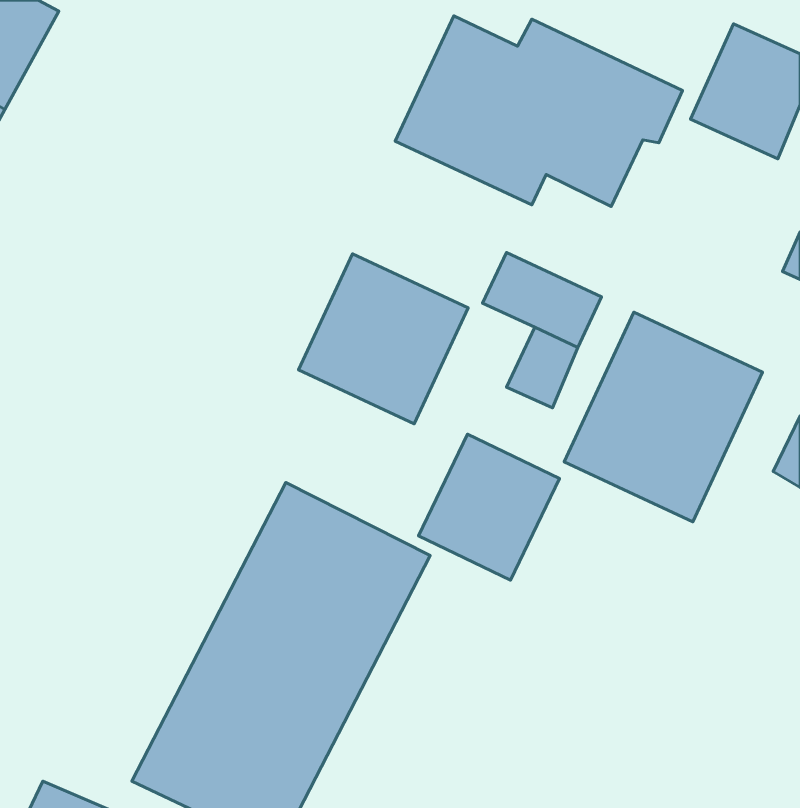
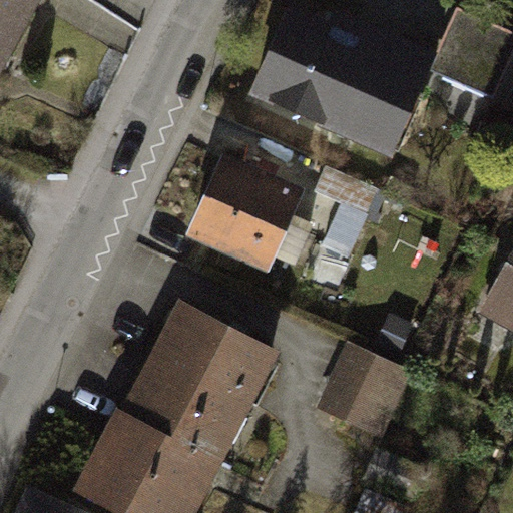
building: [564,312,763,522] -> none
building: [418,434,560,580] -> [318,346,407,438]

